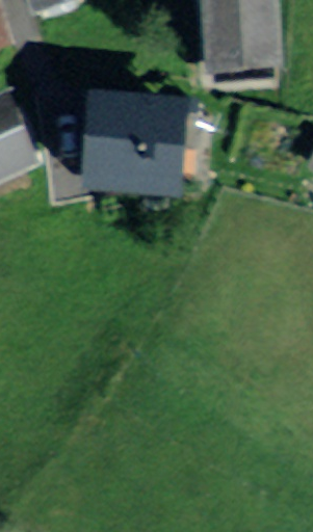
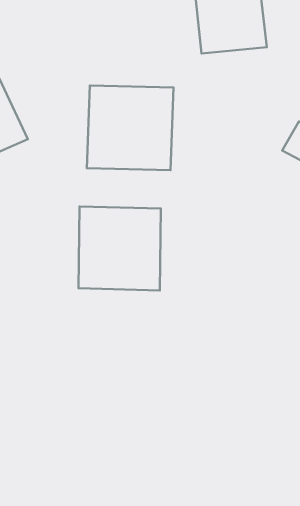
building: none -> [78,206,161,290]

